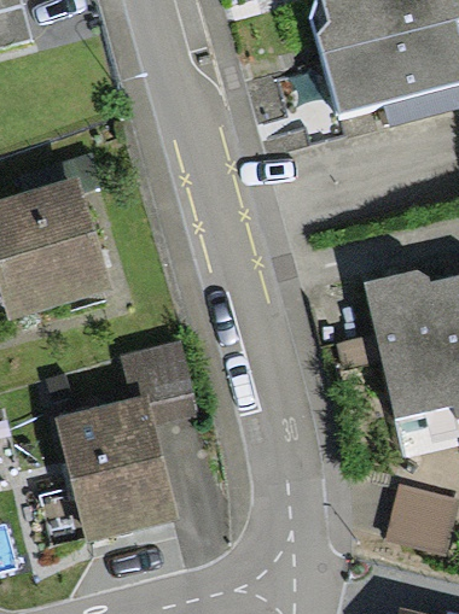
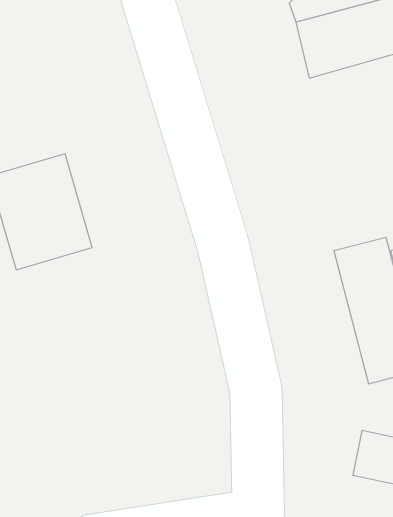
building: [62,346,192,533] -> none

